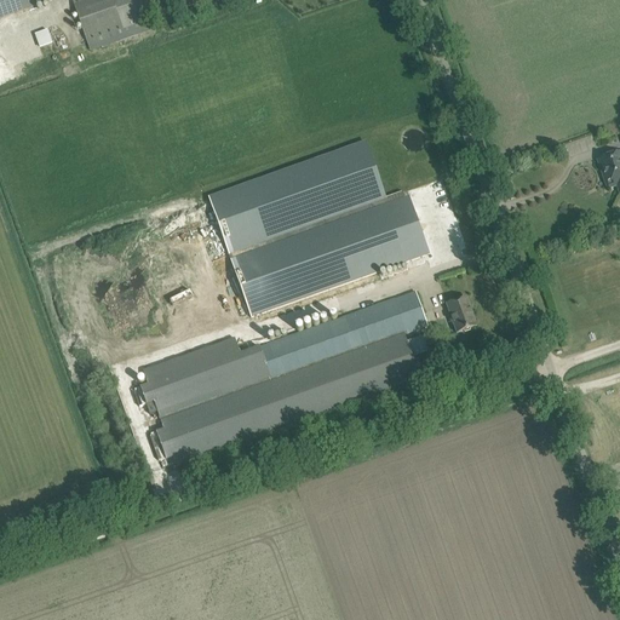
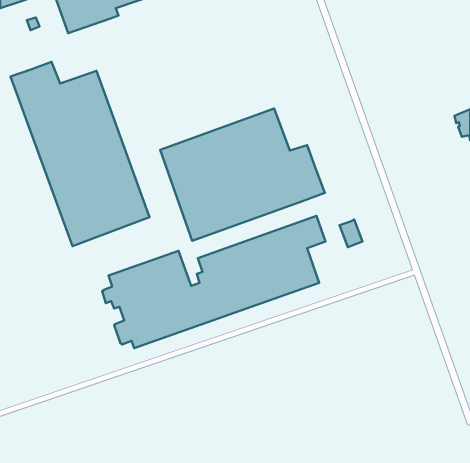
building: none -> [11,62,149,246]

